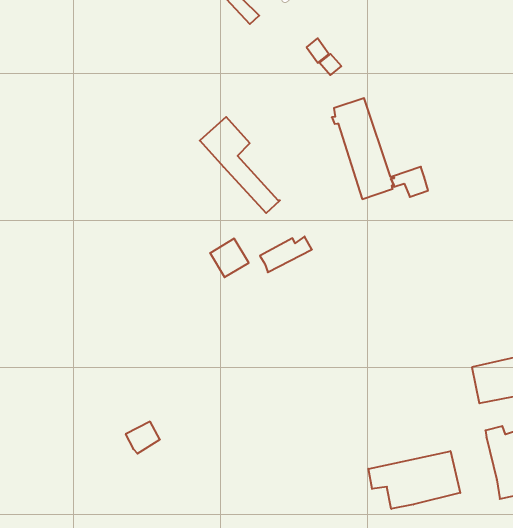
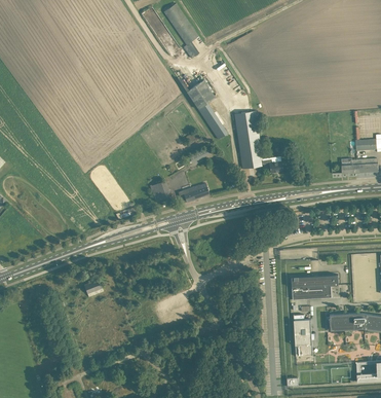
building: [200,117,280,213] -> [187,80,228,140]
building: [368,451,460,509] -> none

